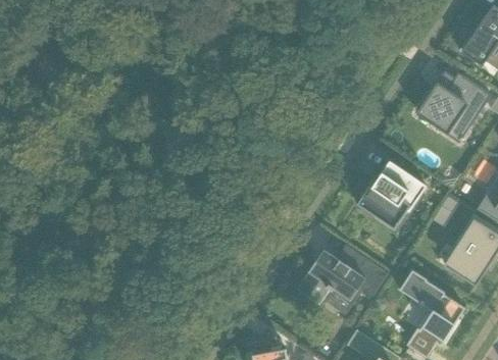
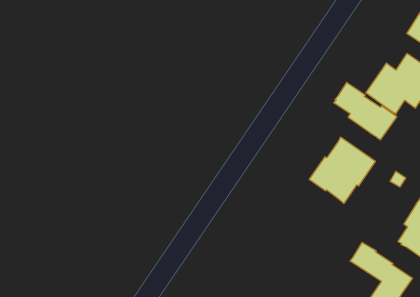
building: none -> [334,82,397,140]
building: [296,249,387,305] -> none

